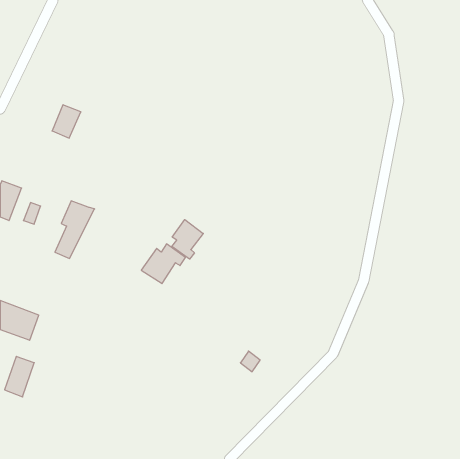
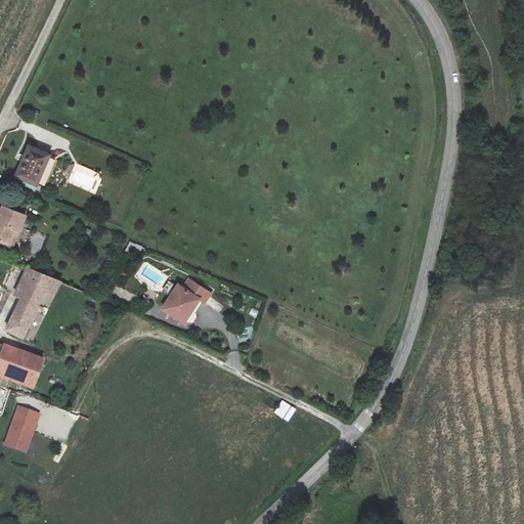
building: [52,105,81,138] -> [16,145,49,183]
building: [55,201,95,258] -> [8,269,53,335]
building: [172,220,203,259] -> none

